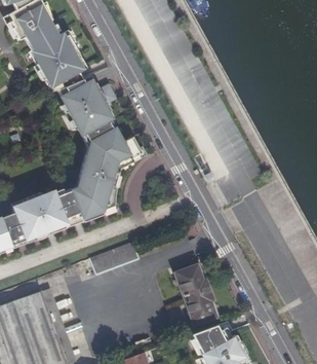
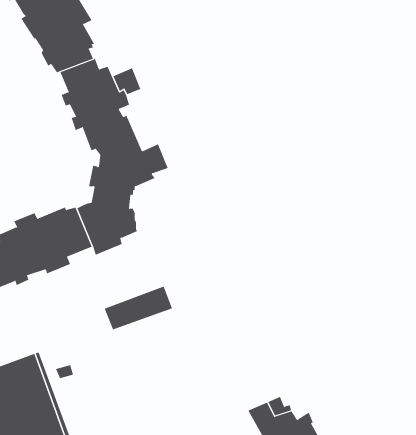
building: [174,263,219,324] -> none

